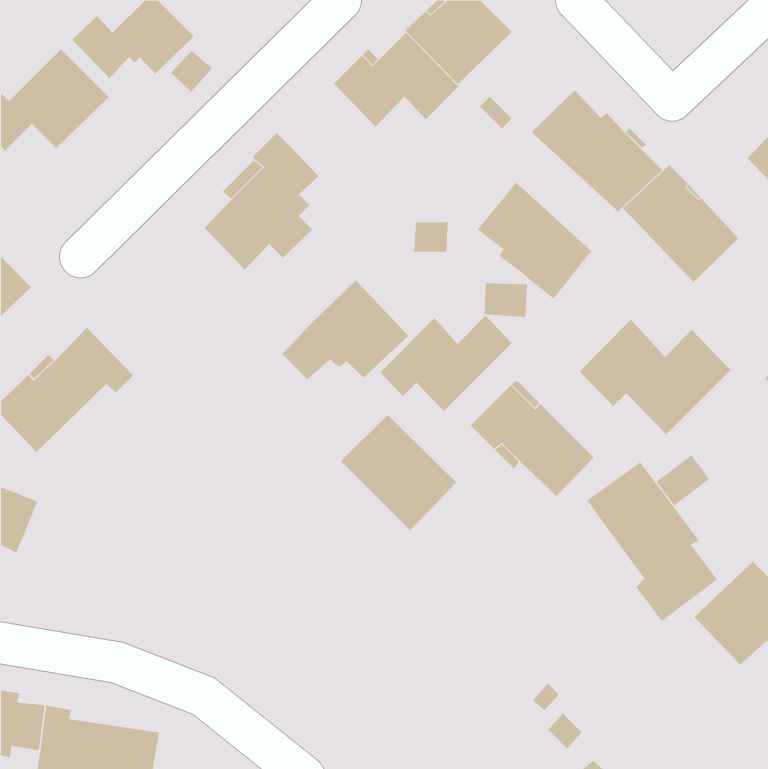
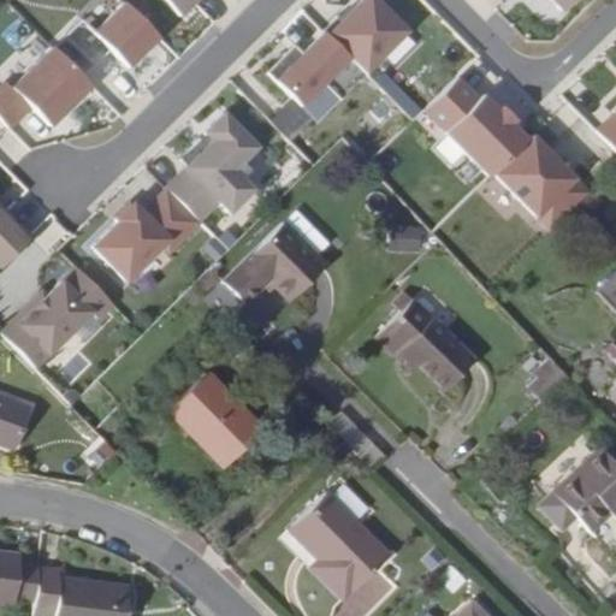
building: [477,182,593,300] -> none
building: none -> [93,186,201,279]
building: [379,315,513,412] -> none
building: [579,319,731,435] -> none
building: [340,414,457,531] -> [174,379,267,472]
building: [587,461,718,622] -> none
building: none -> [294,496,393,605]

